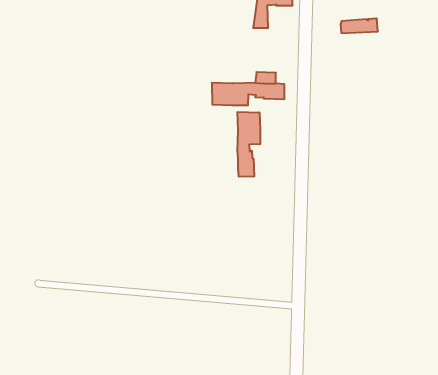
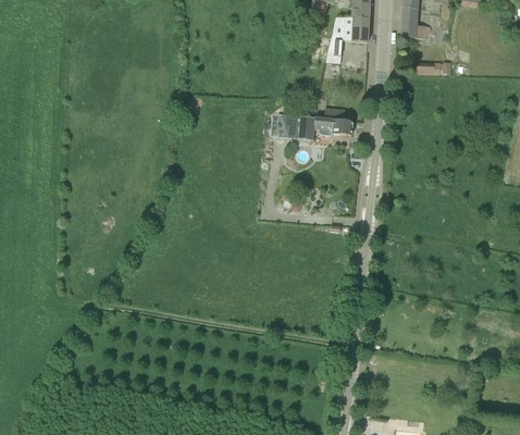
building: [238,112,260,177] -> none

